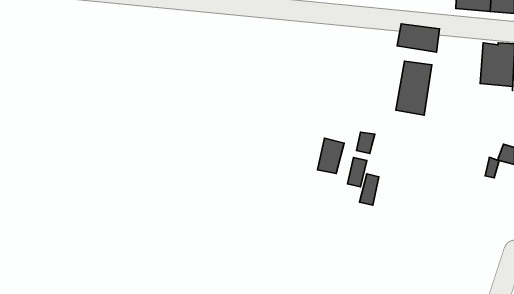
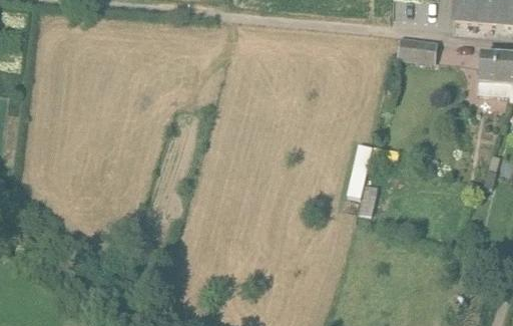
building: [396,61,432,115] -> none
building: [317,138,344,174] -> none

